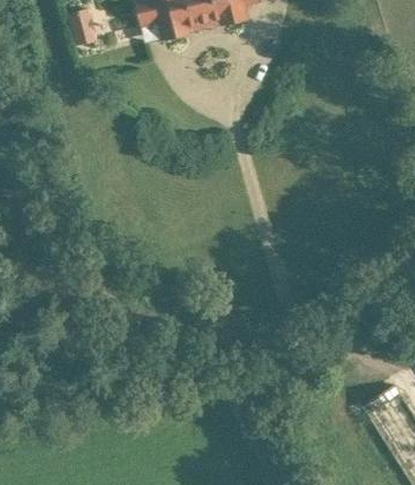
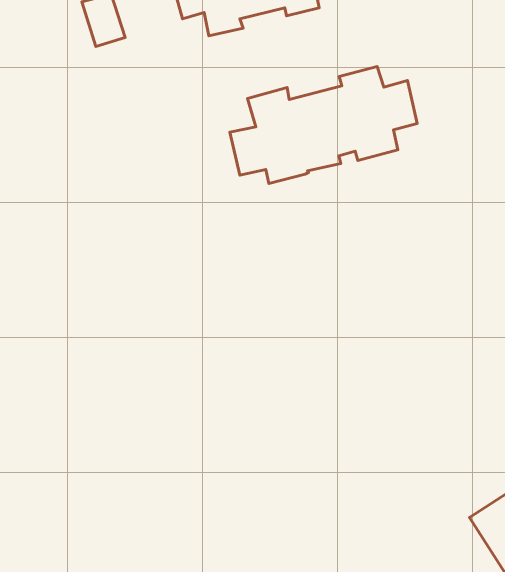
building: none -> [230,66,417,183]

